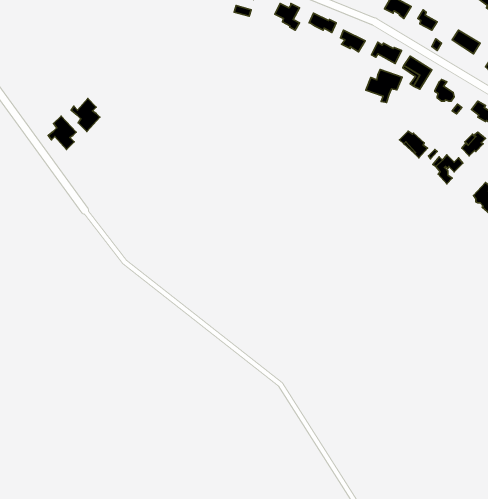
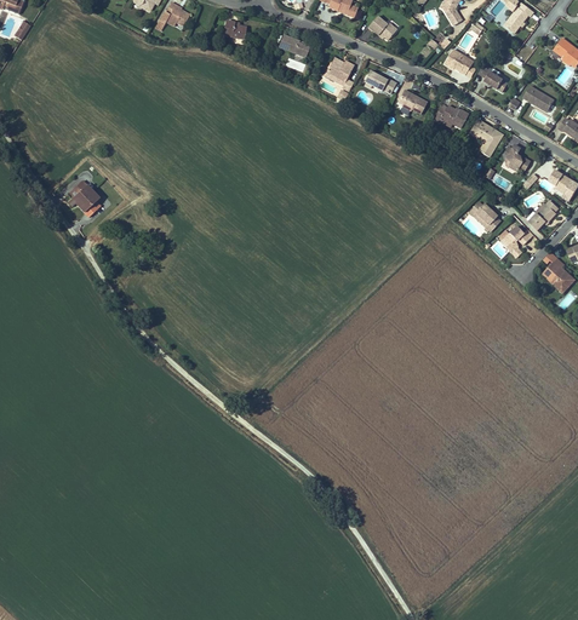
building: [366,69,402,103] -> none
building: [71,99,100,131] -> none

